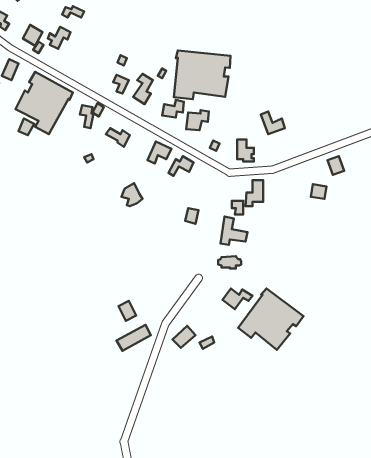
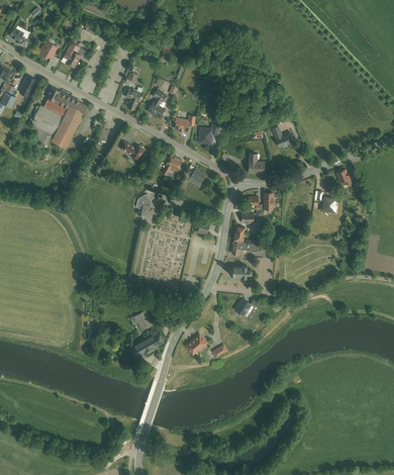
building: [174,51,230,99] -> none
building: [238,288,303,350] -> none

